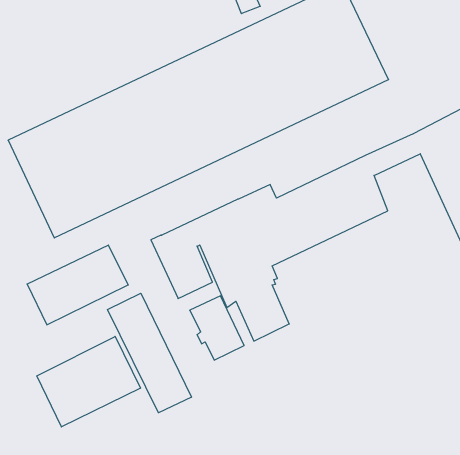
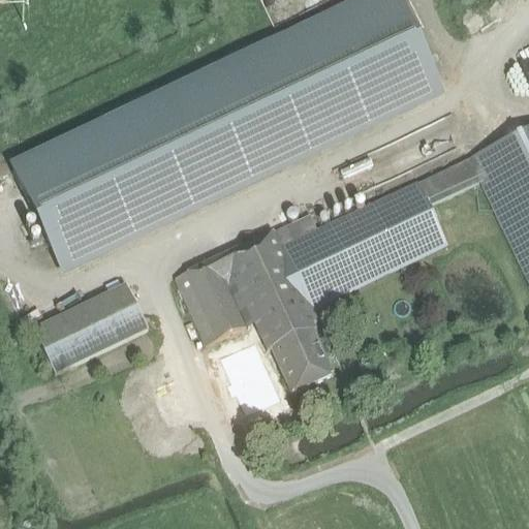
building: [107,293,191,413] -> none
building: [37,336,140,427] -> none

